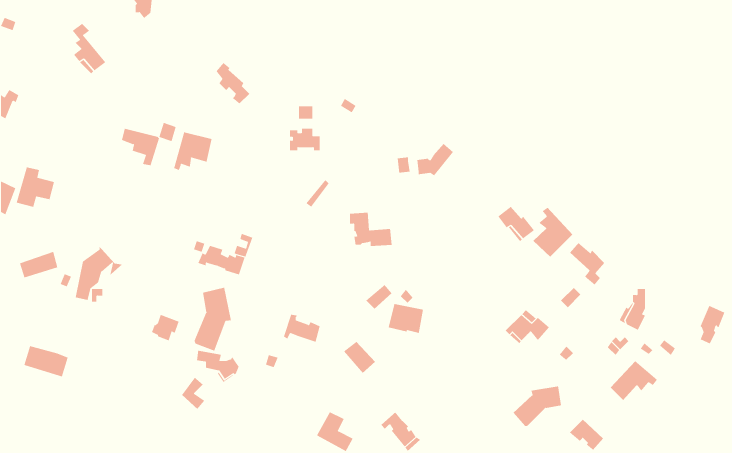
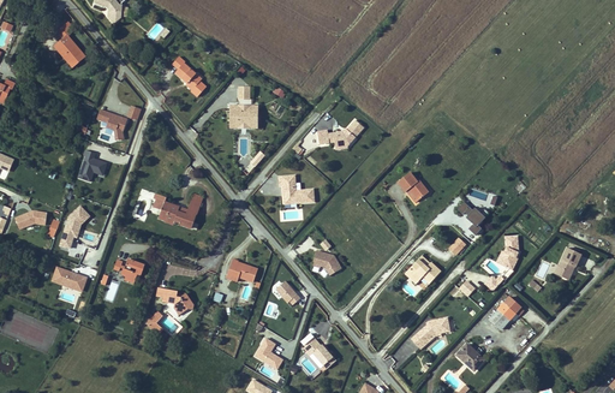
building: [174,131,212,171] -> none
building: [16,167,55,207] -> [77,149,108,181]
building: [533,207,573,258] -> none
building: [194,287,231,352] -> none
building: [23,346,68,377] -> [50,266,86,291]

